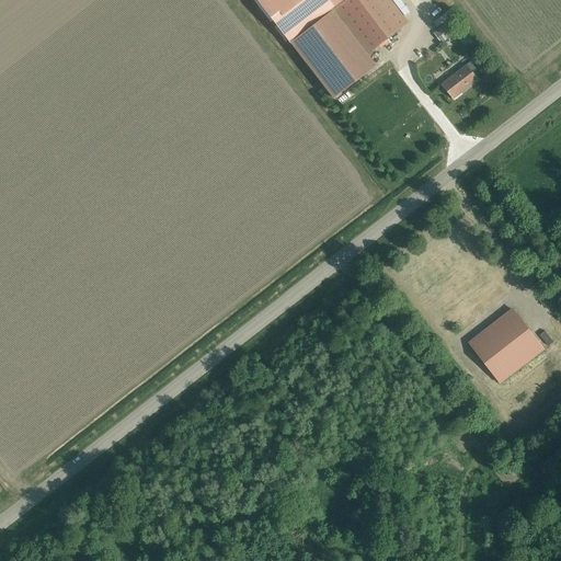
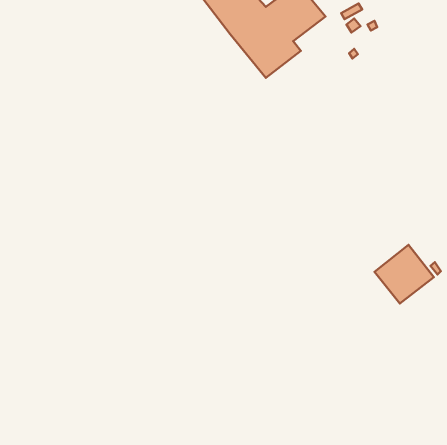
building: [442,64,478,96] -> none

